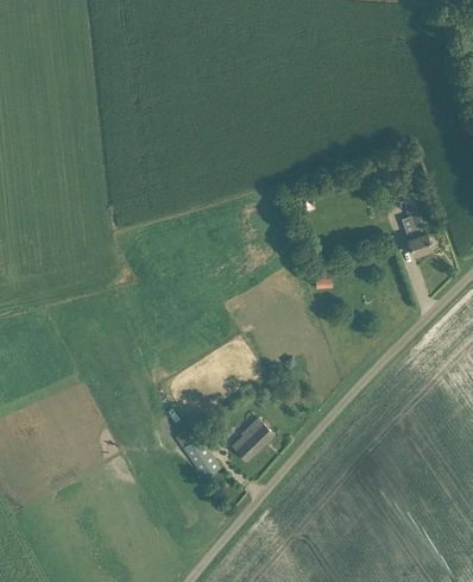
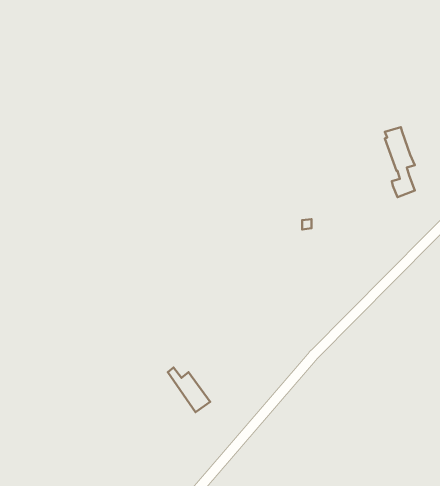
building: [231,418,272,461] -> none

